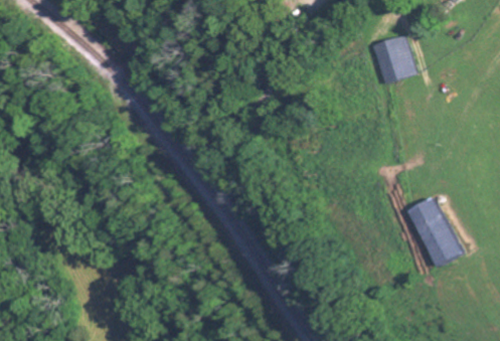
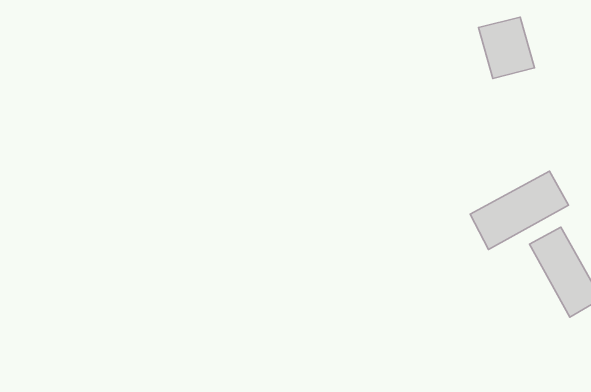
building: none -> [470,171,569,249]

